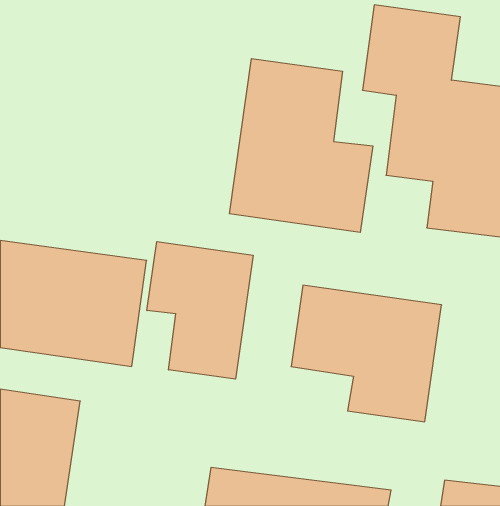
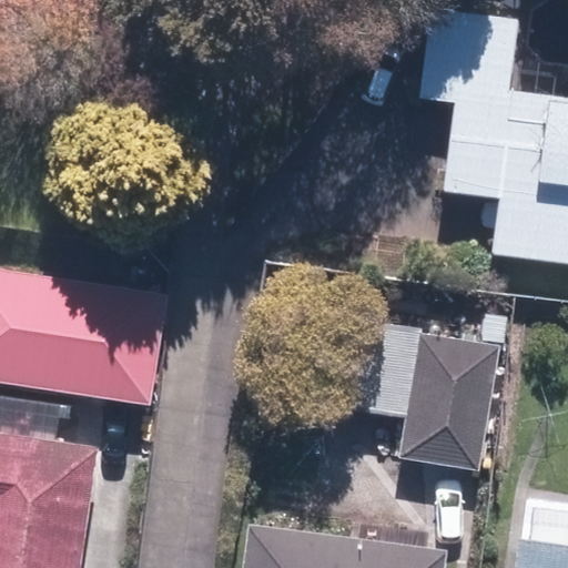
building: [229,59,373,232] -> none
building: [147,242,253,379] -> none

